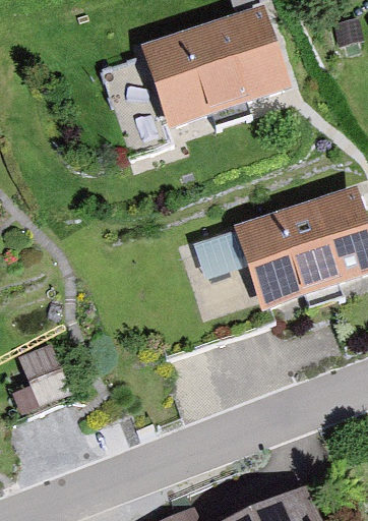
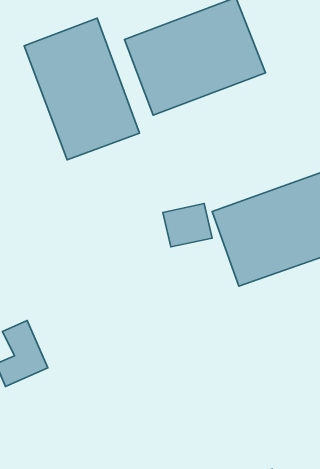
building: none -> [24,18,140,160]

